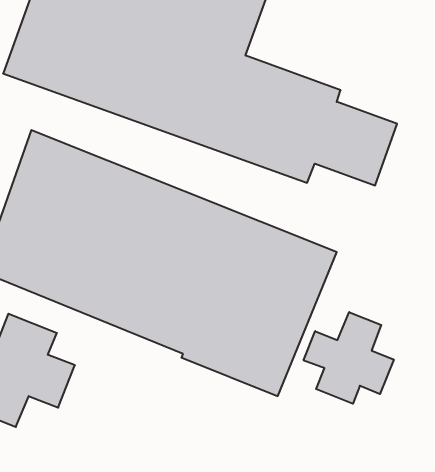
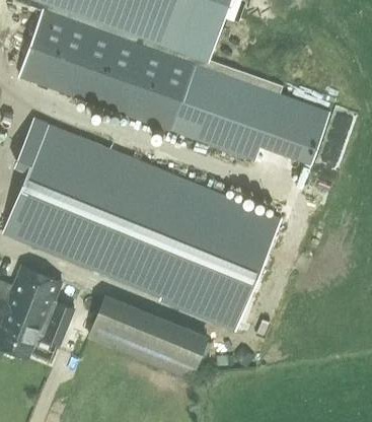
building: [304,312,394,404] -> none
building: none -> [88,298,206,377]

